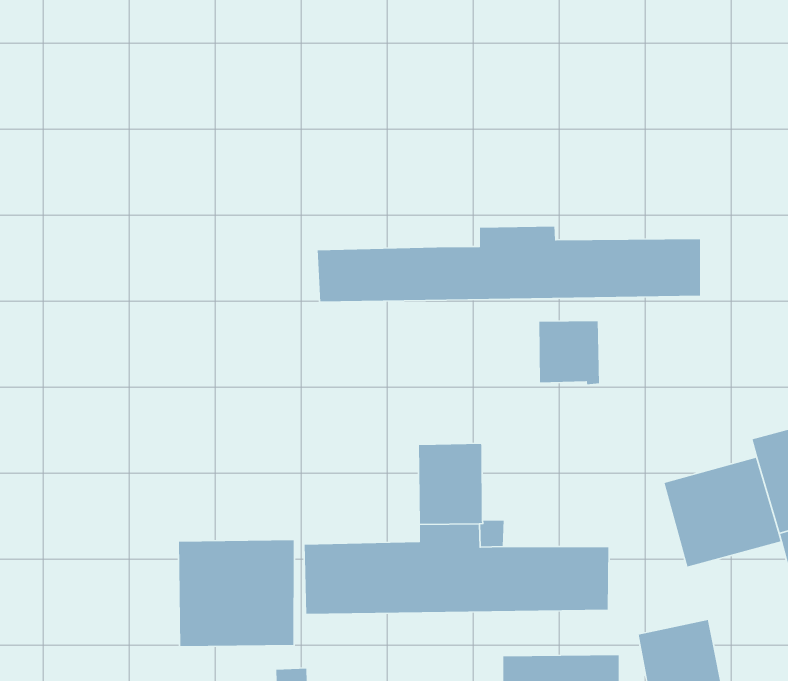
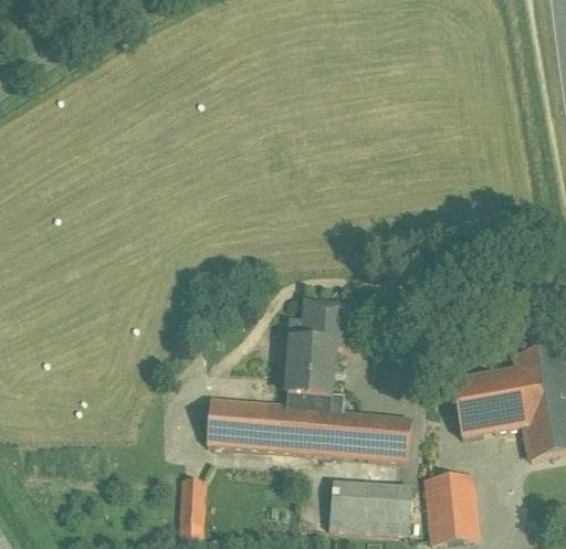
building: [317,226,701,302] -> none
building: [538,320,600,385] -> [302,298,345,344]
building: [178,539,295,647] -> none

